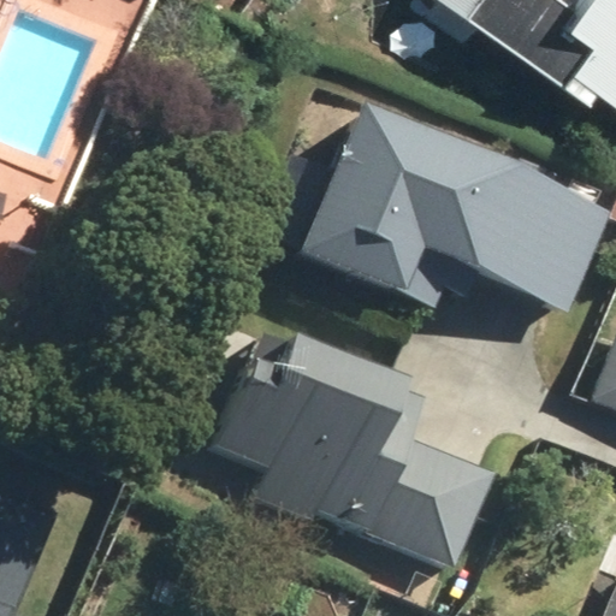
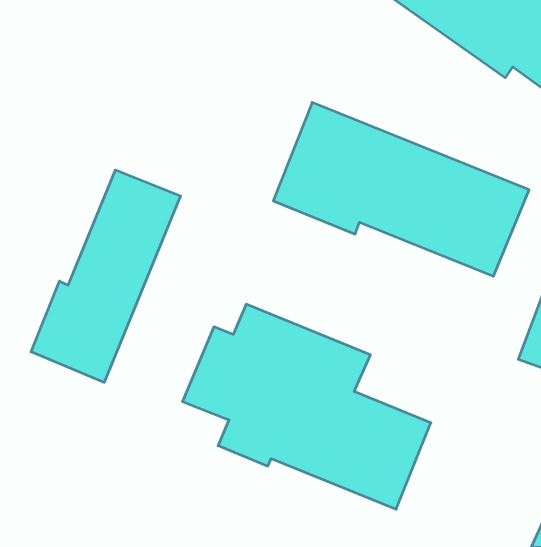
building: none -> [31,170,181,382]

